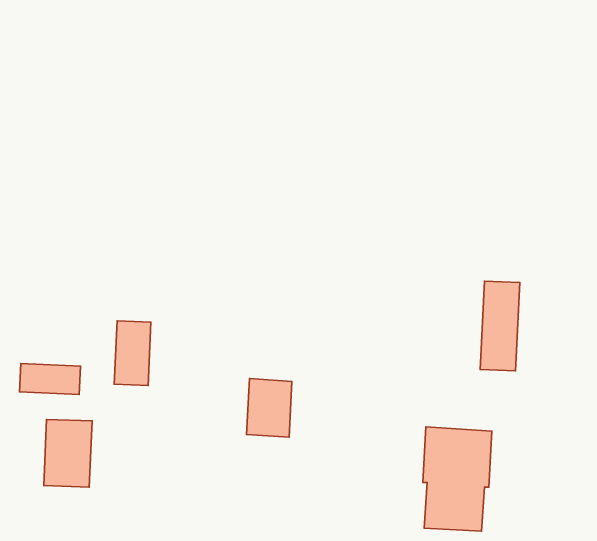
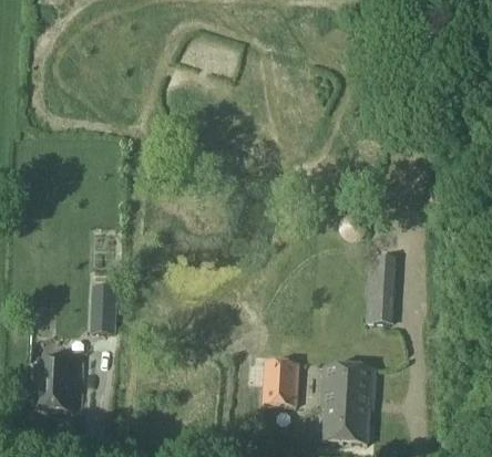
building: [19,363,81,394] -> none
building: [246,378,292,437] -> [265,361,299,405]

